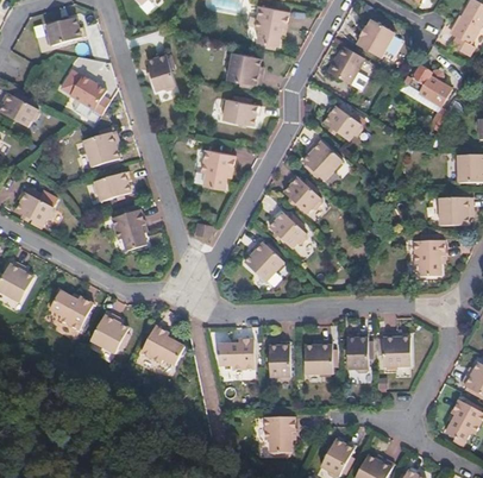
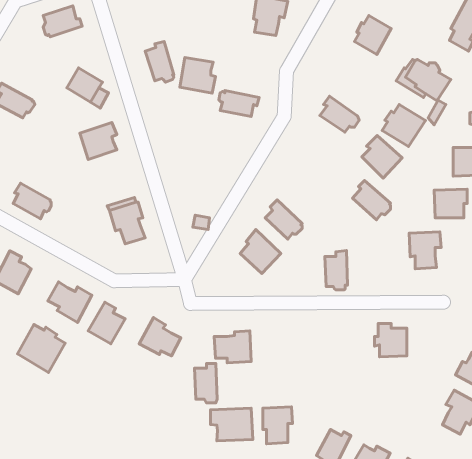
building: [326,49,364,88] -> none
building: [227,50,263,86] -> [180,57,216,93]
building: none -> [382,104,425,147]
building: [301,138,341,181] -> [362,135,402,178]
building: [202,149,237,189] -> none
building: [92,171,131,202] -> none
building: [282,172,320,212] -> [353,180,391,220]
building: [346,332,369,371] -> [325,251,348,290]
building: none -> [17,324,65,373]
building: [305,339,333,375] -> none
building: [268,340,290,379] -> [195,363,217,403]
building: none -> [210,408,253,441]

